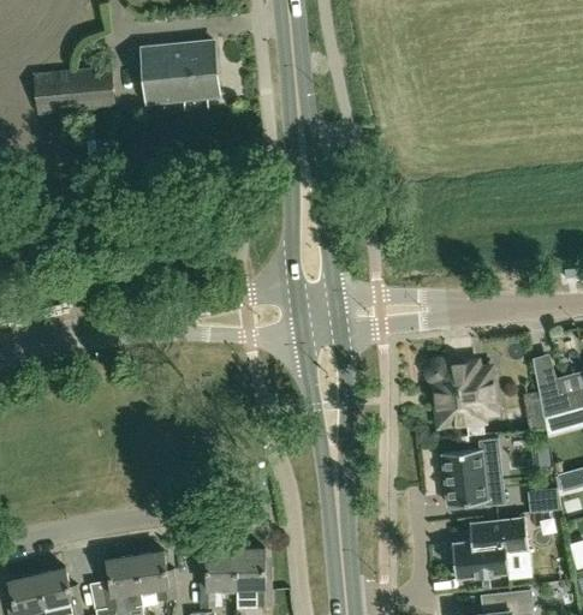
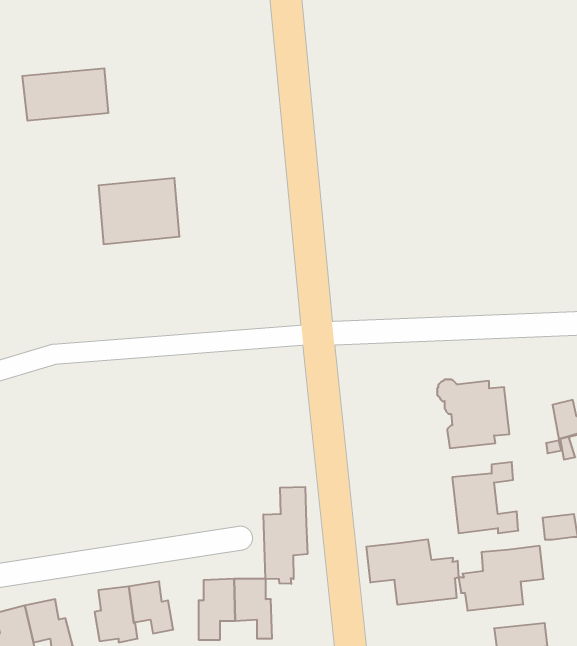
building: [141,41,218,103] -> [98,178,180,244]
building: none -> [263,487,307,584]
building: none -> [366,539,459,605]

